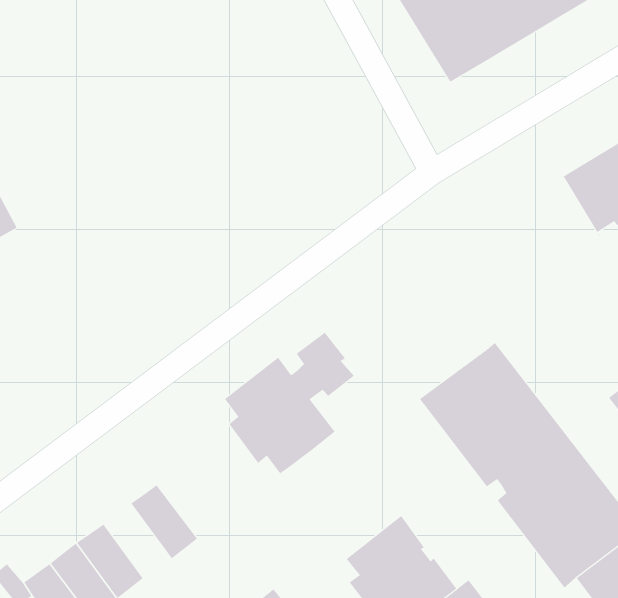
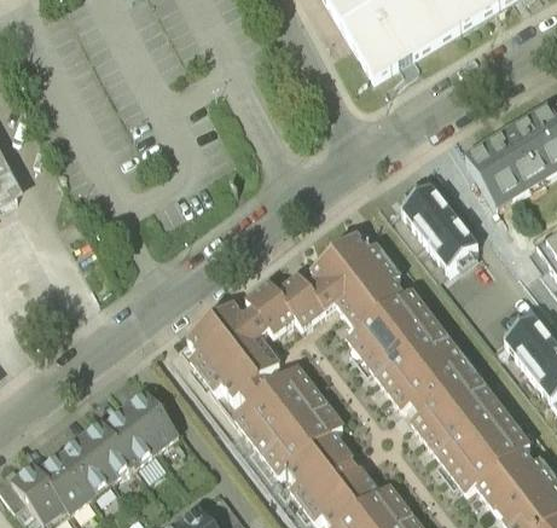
building: none -> [400,184,476,267]
building: none -> [277,236,402,331]
building: none -> [233,367,342,476]
building: none -> [130,391,186,453]
building: none -> [87,424,143,486]

